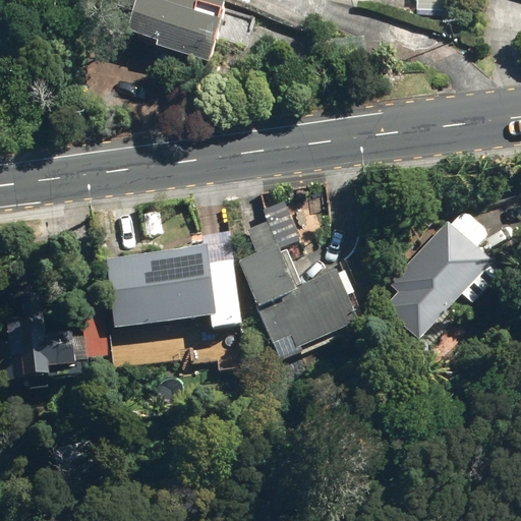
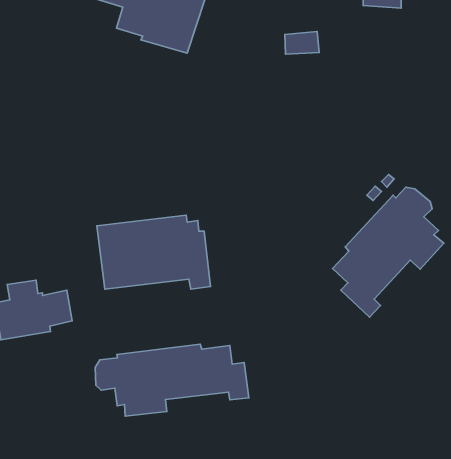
building: [238,220,357,357] -> none
building: none -> [95,344,249,416]

